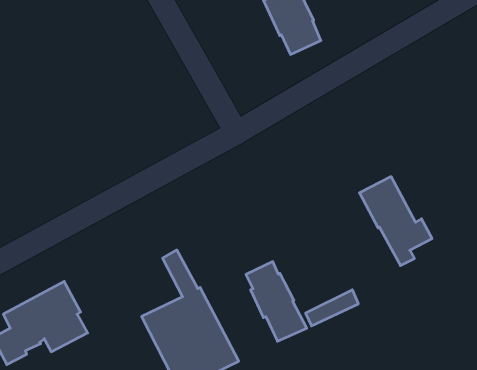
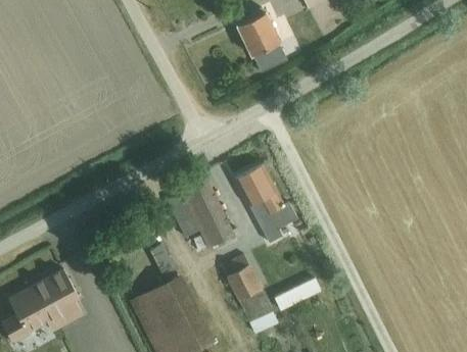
building: none -> [167,178,234,249]
building: [359,177,432,266] -> [235,164,298,242]

